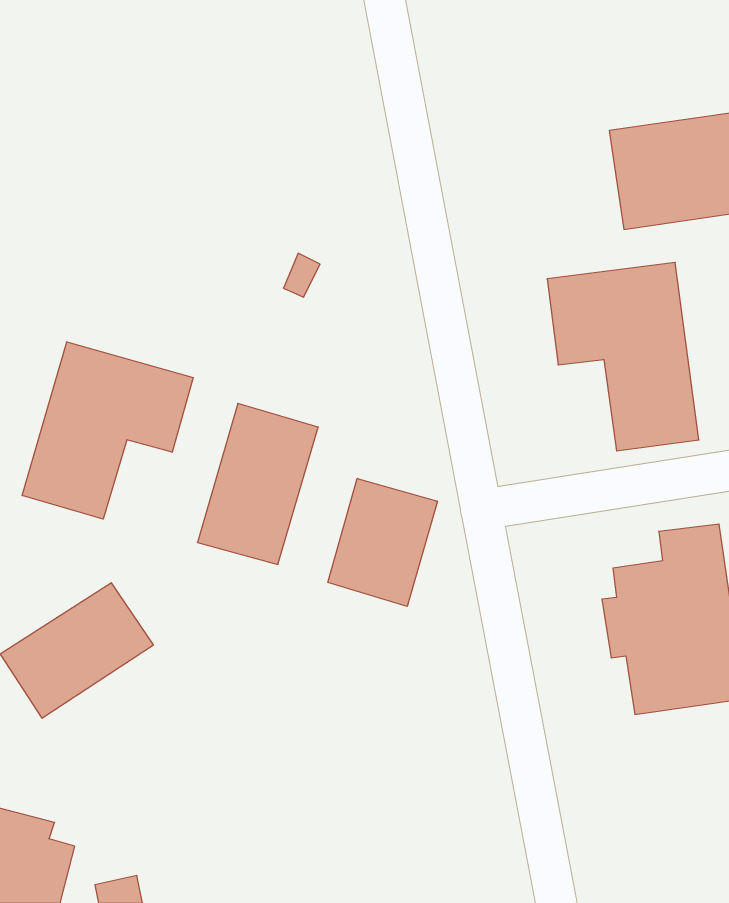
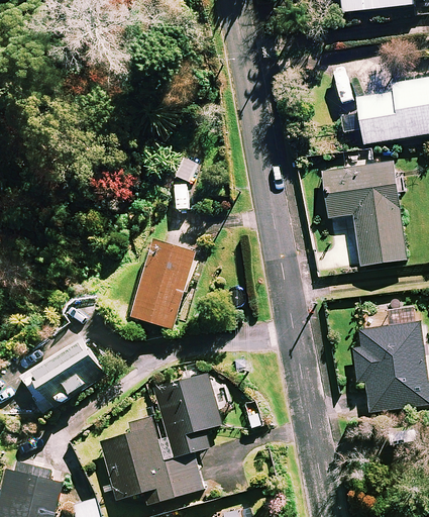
building: [22,342,193,519] -> none
building: [328,478,438,606] -> none
building: none -> [101,372,230,504]

